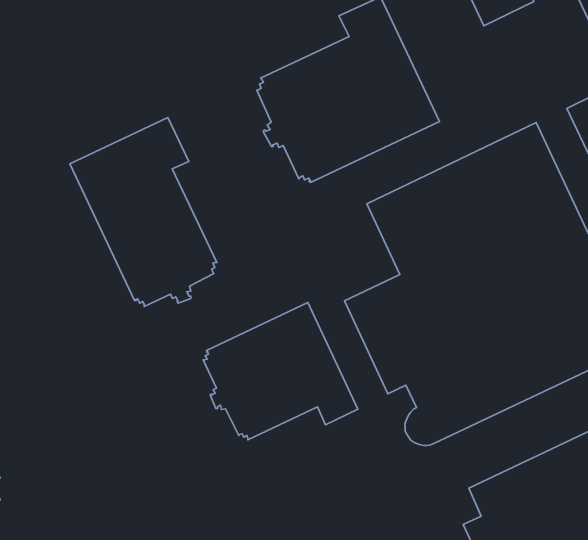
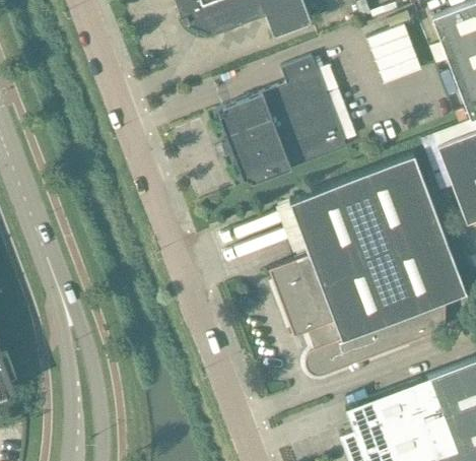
building: [70,118,217,307] -> none
building: [203,303,358,440] -> none

